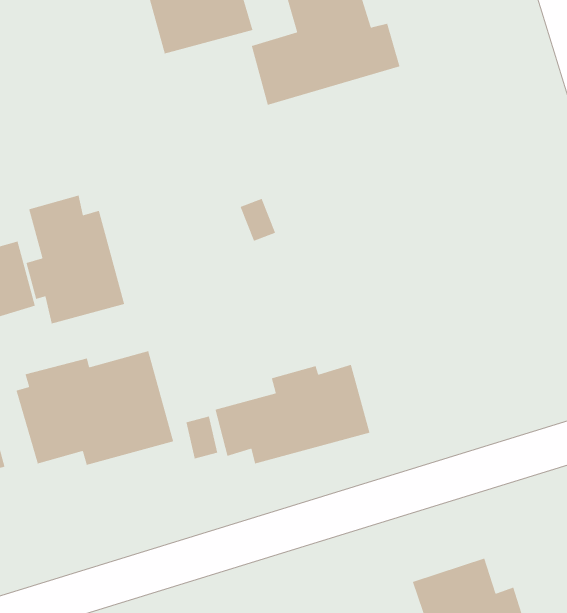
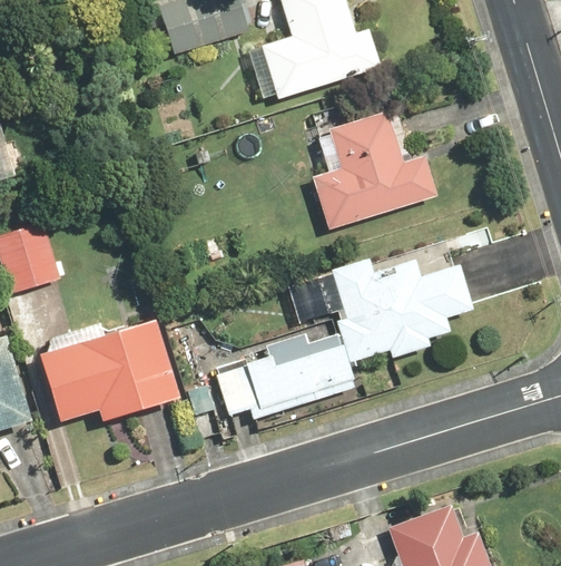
building: none -> [313,107,436,230]
building: [26,194,125,325] -> none
building: none -> [318,258,473,361]

